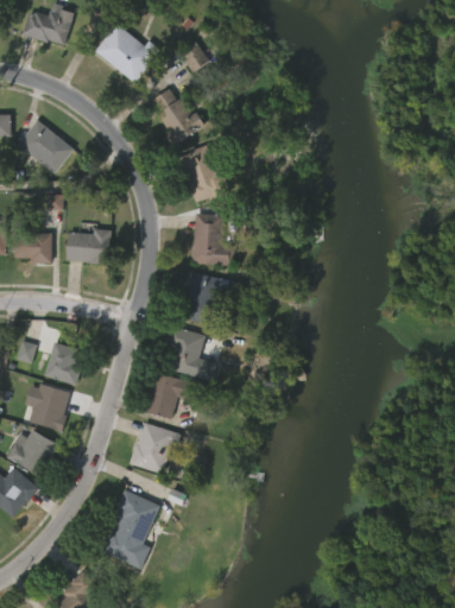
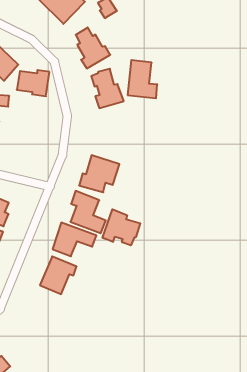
building: [192,213,234,265] -> [128,60,157,98]
building: [65,228,110,265] -> [17,70,49,96]
building: none -> [103,209,140,245]
building: [100,489,164,571] -> none

